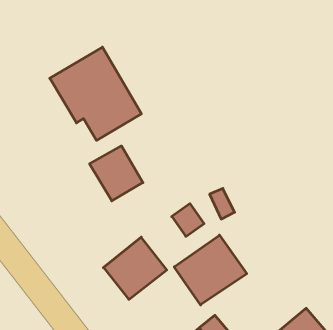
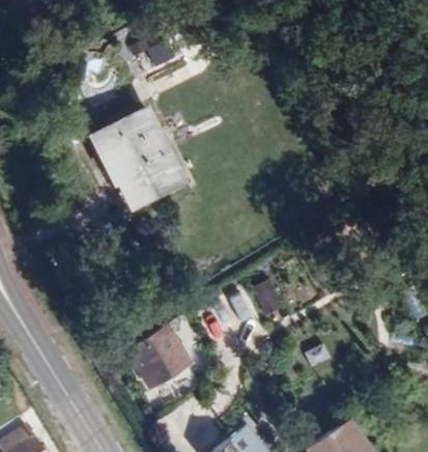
building: [90,146,143,201] -> none
building: [174,235,247,305] -> none

